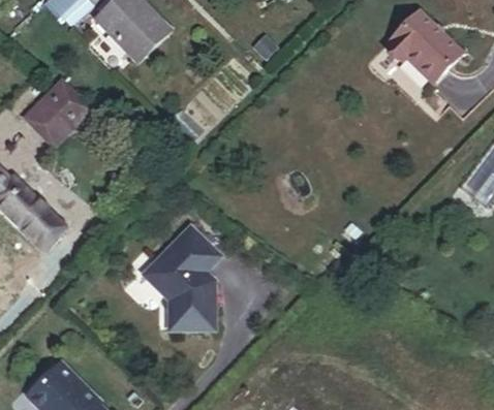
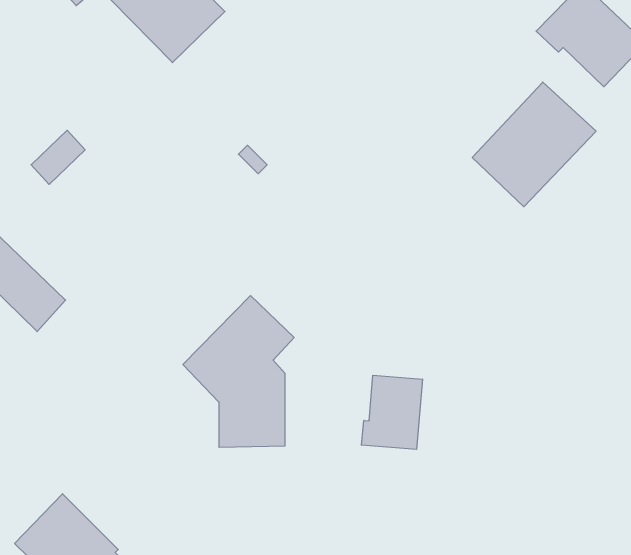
building: none -> [472,82,596,207]
building: [27,86,90,134] -> none
building: none -> [362,375,422,449]

